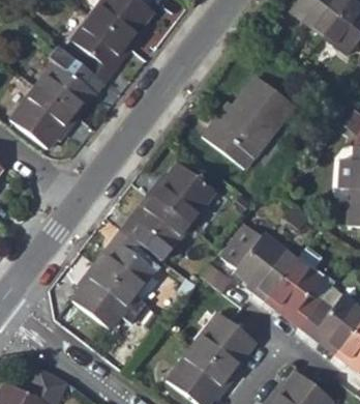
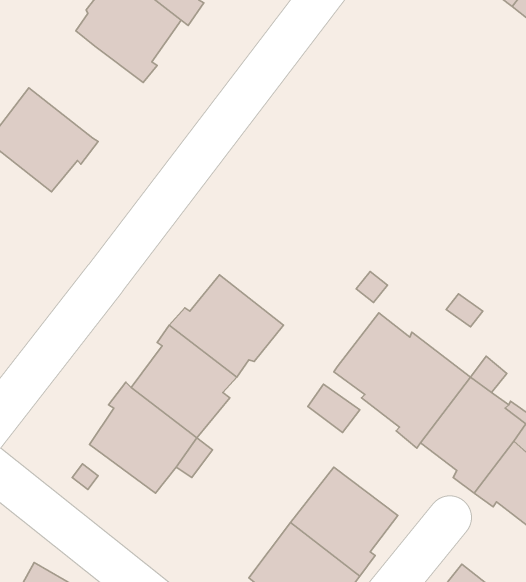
building: [35,47,103,116] -> none
building: [202,76,295,170] -> none
building: [146,163,214,228] -> none

